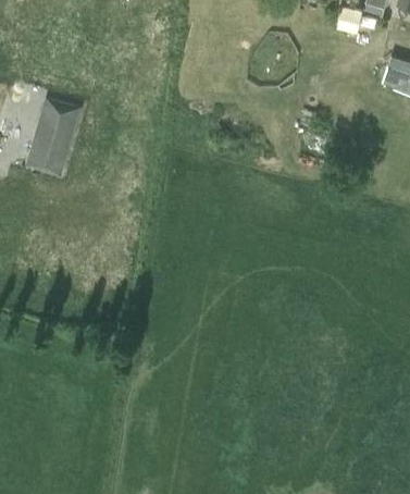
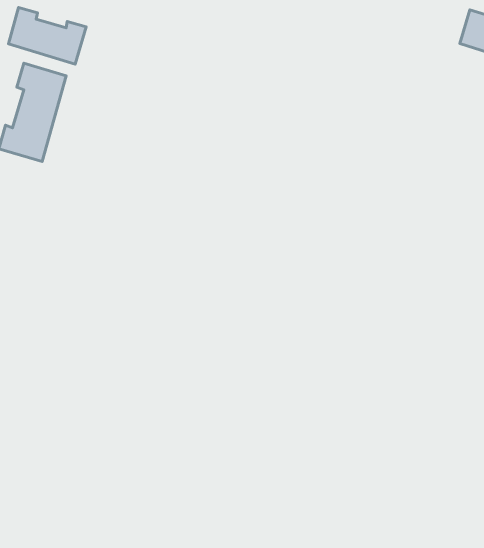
building: none -> [8,8,86,64]

